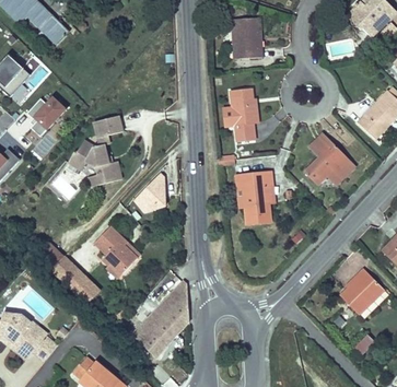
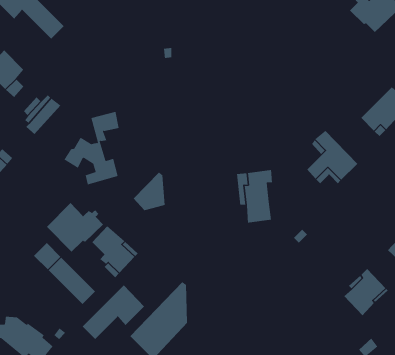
building: [231,17,261,58] -> none
building: [230,87,255,141] -> none
building: none -> [46,202,104,252]
building: none -> [82,285,145,340]

